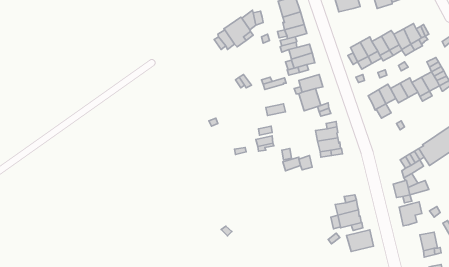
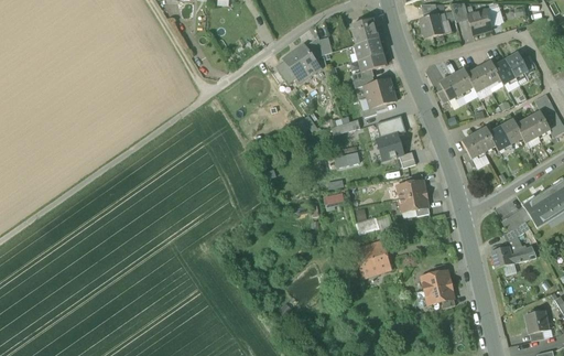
building: none -> [354,240,391,277]
building: [399,202,422,226] -> none
building: [347,230,373,252] -> none

